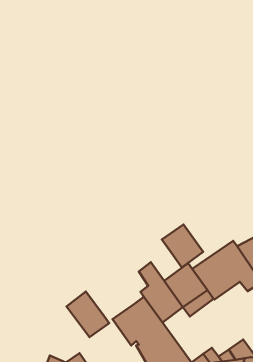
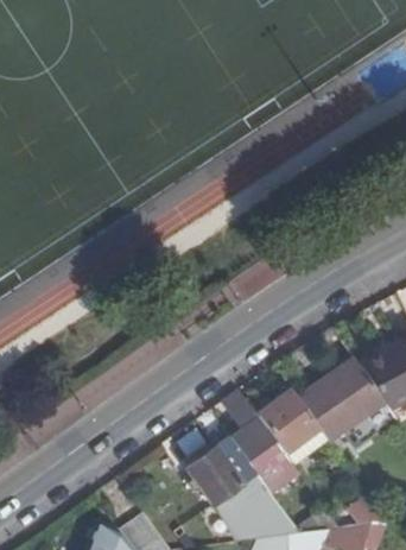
building: [162,225,203,268] -> none
building: [67,291,109,337] -> none

